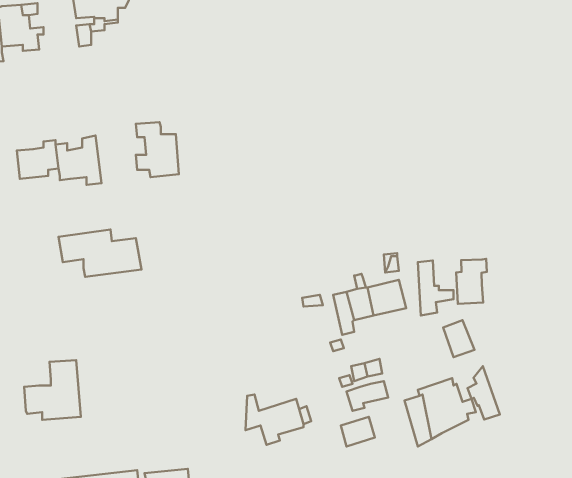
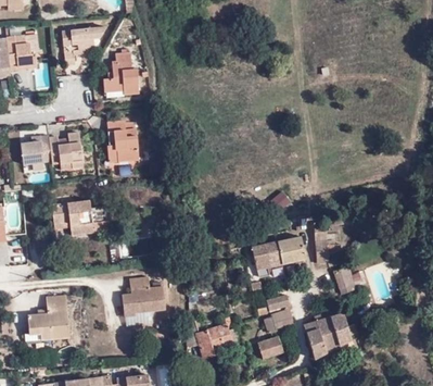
building: none -> [103,53,139,94]
building: [456,259,487,304] -> none
building: none -> [122,277,165,316]
building: [468,366,500,419] -> none

